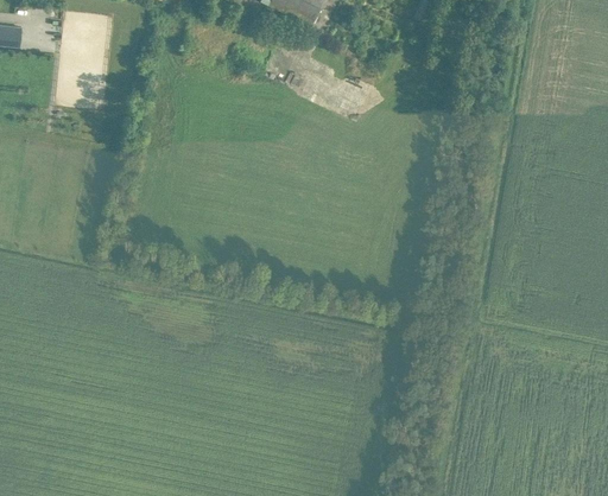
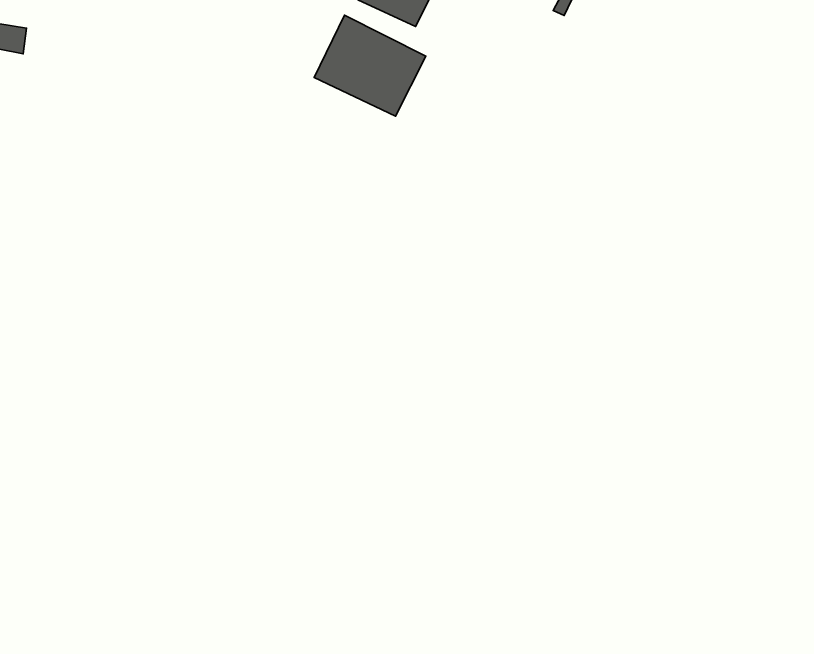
building: none -> [314,15,426,116]

